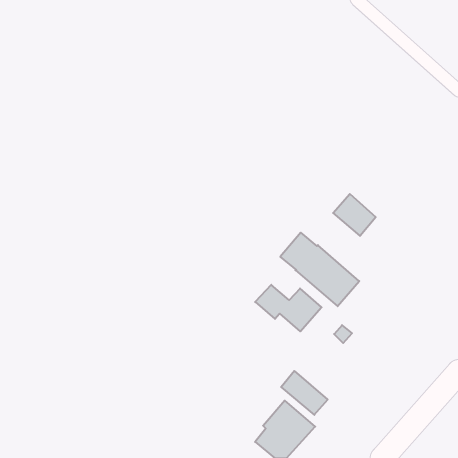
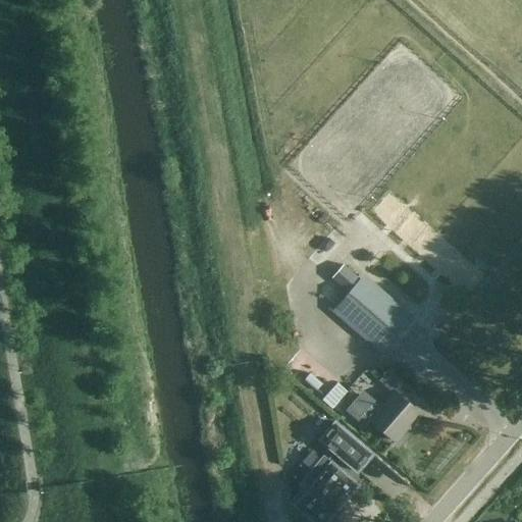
building: [333,194,376,236] -> none
building: [255,285,322,331] -> [345,387,420,440]

